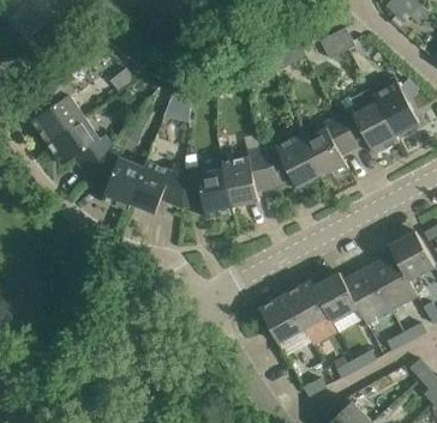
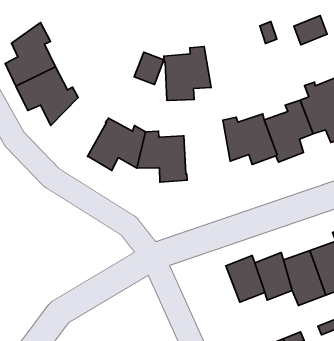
building: [88,145,144,211] -> none
building: [222,147,275,207] -> [164,46,211,100]
building: [259,295,305,344] -> none

